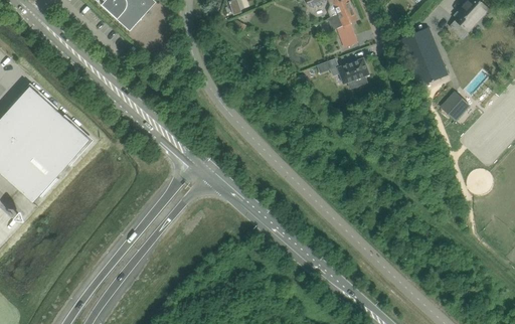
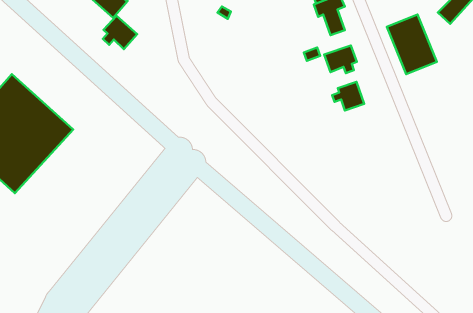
building: none -> [103,16,137,49]
building: [439,91,470,121] -> none
building: none -> [332,82,364,111]

